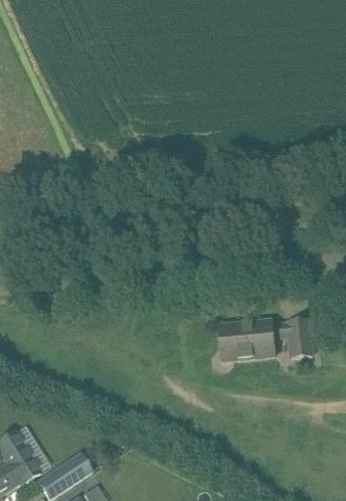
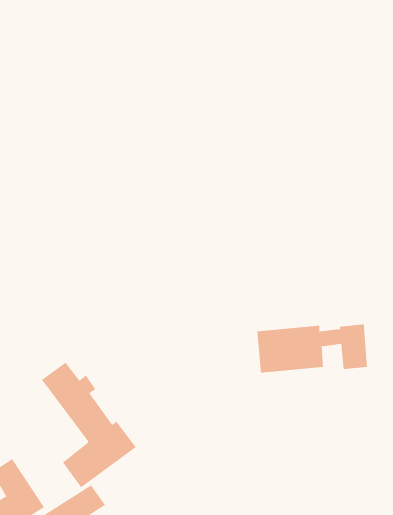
building: none -> [41,362,137,488]

